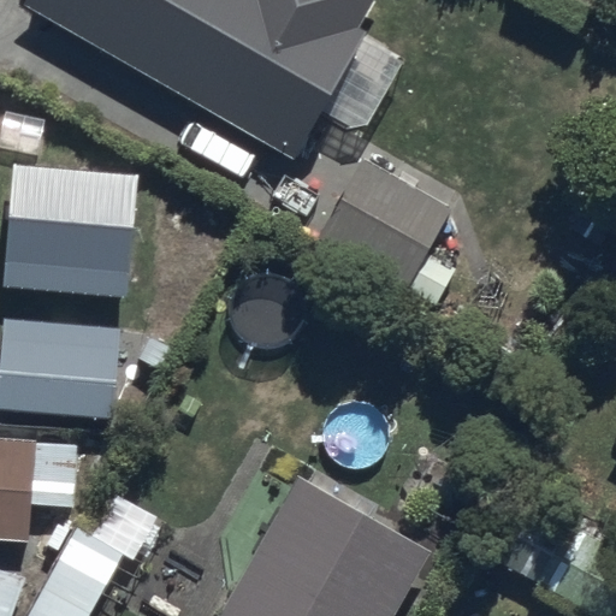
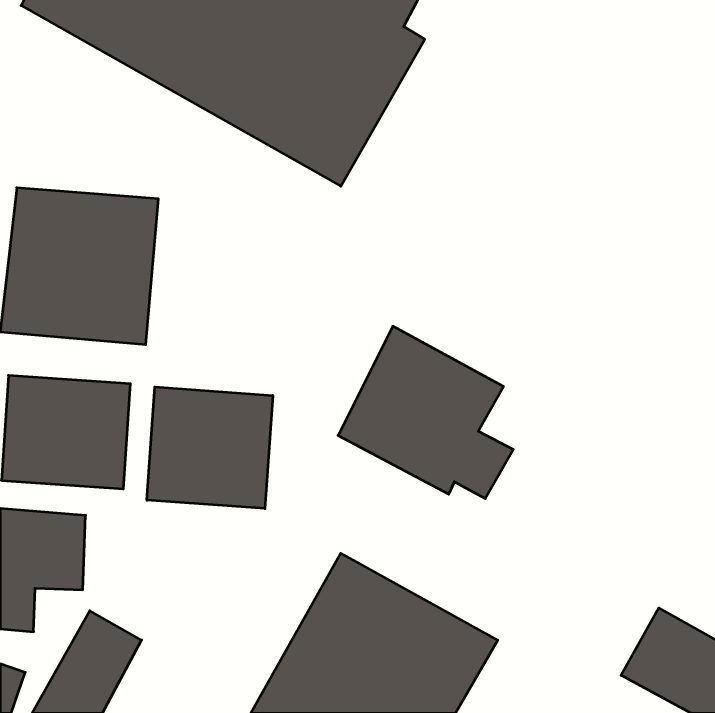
building: [309,155,460,303] -> [338,326,513,499]
building: none -> [147,387,273,509]

